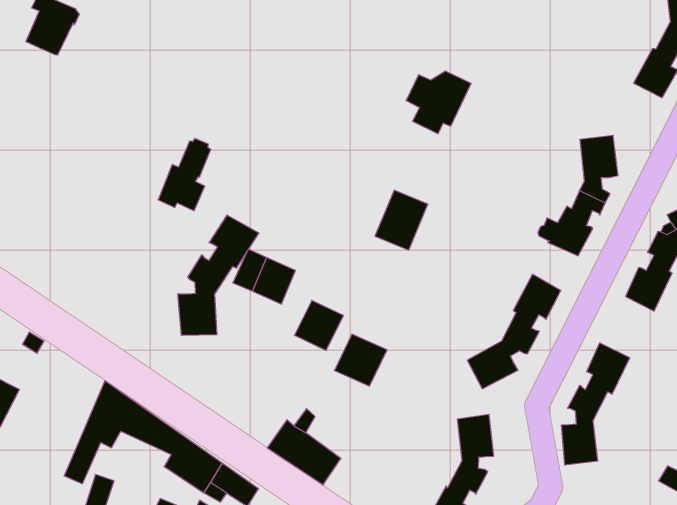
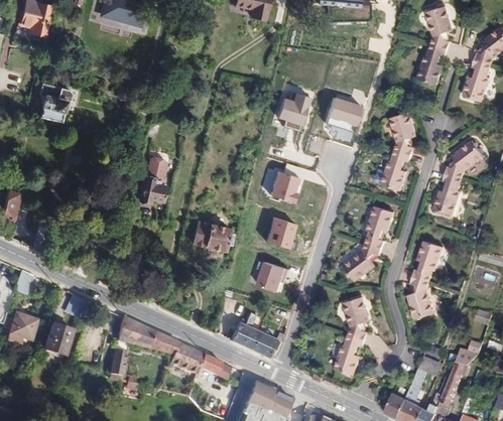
building: none -> [326,96,360,124]
building: [178,215,259,336] -> none
building: [294,300,344,350] -> [265,218,293,247]

